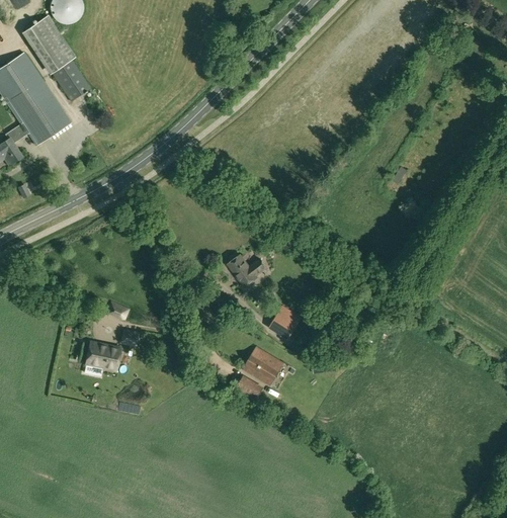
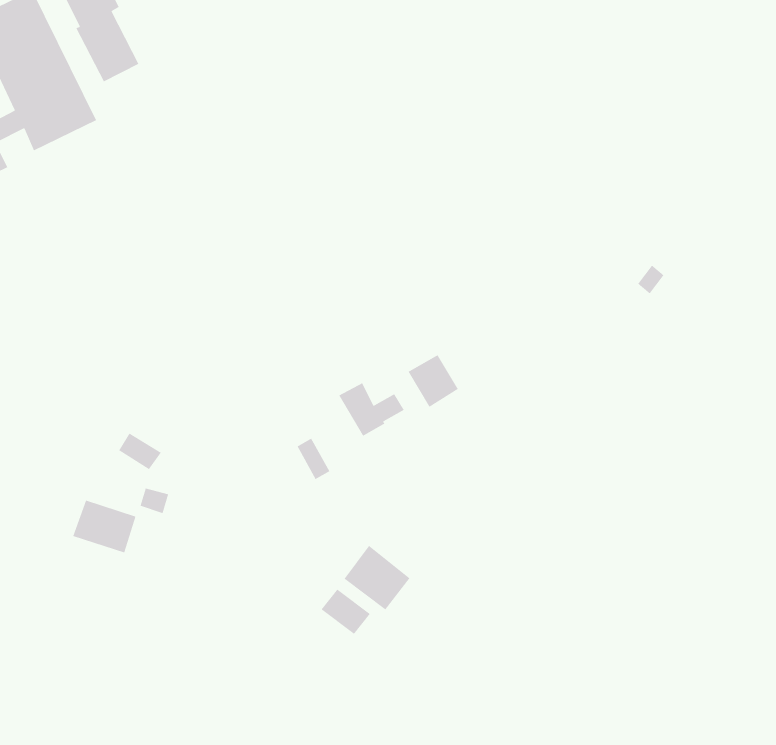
building: none -> [407,354,459,408]
building: [271,307,301,335] -> none

